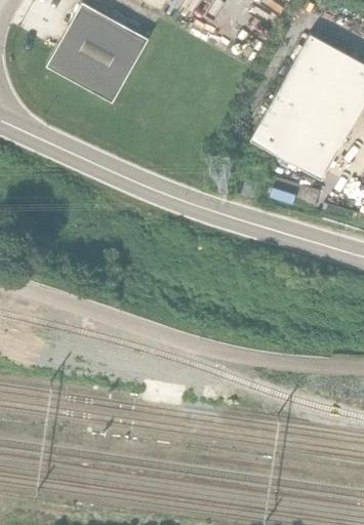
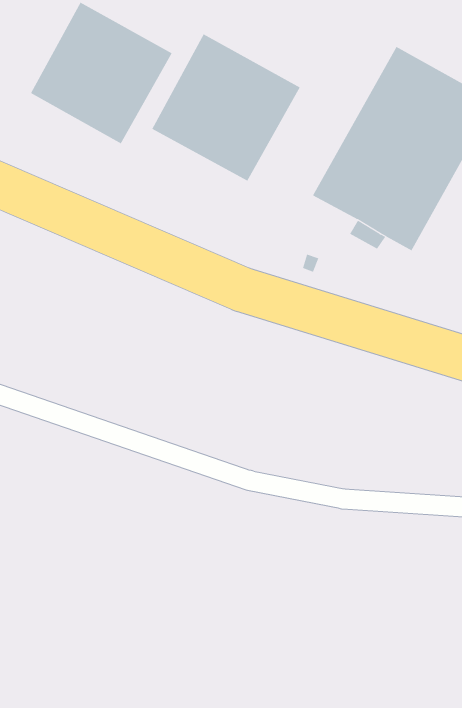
building: none -> [151,34,300,182]

